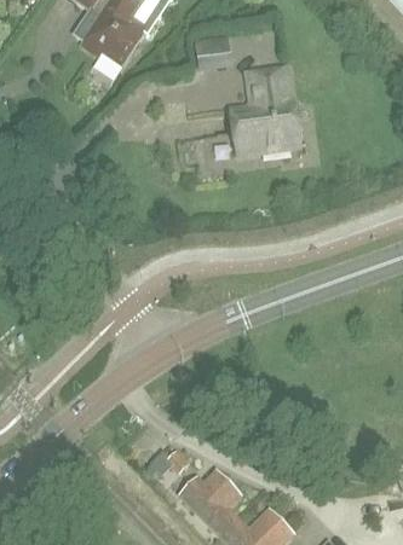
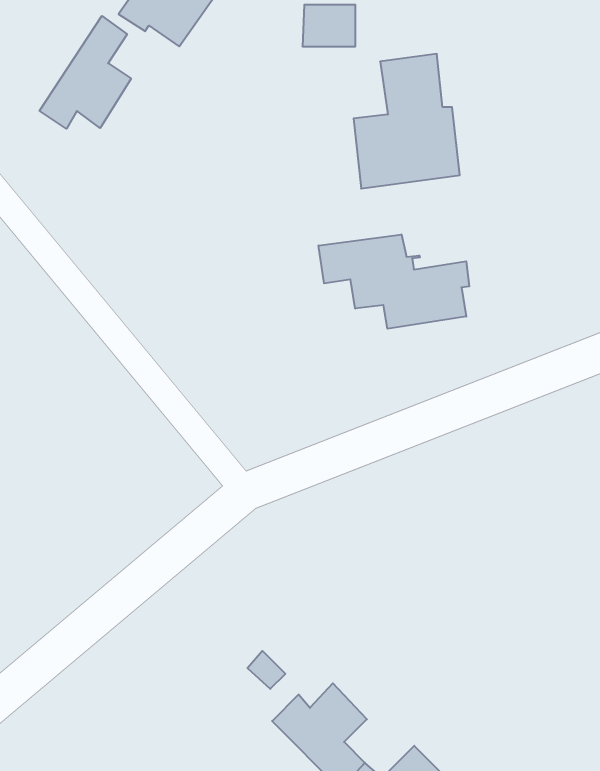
building: none -> [40,16,131,129]
building: none -> [319,234,469,329]

